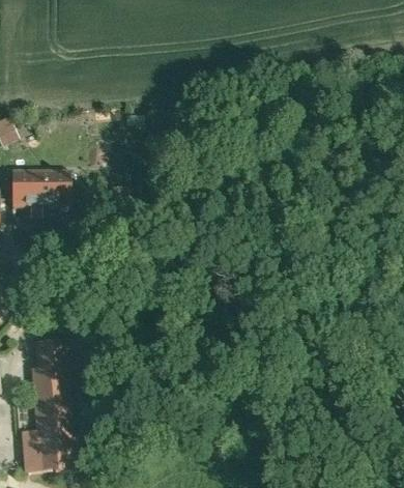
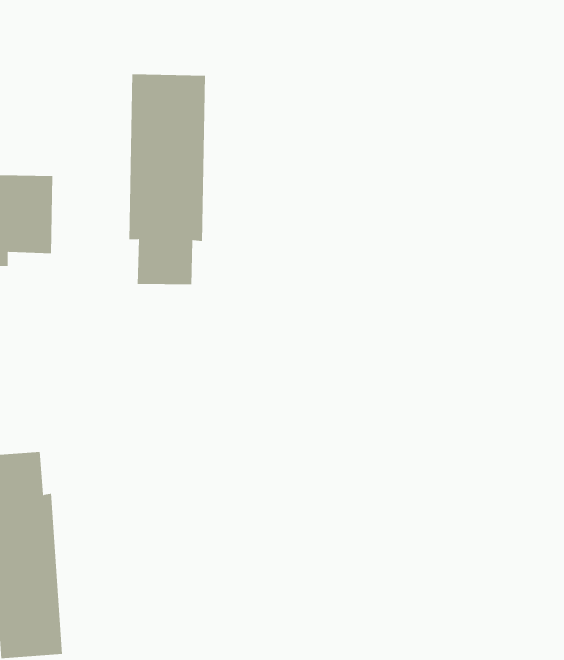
building: none -> [129,73,205,285]

